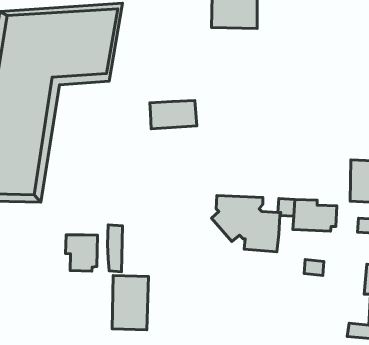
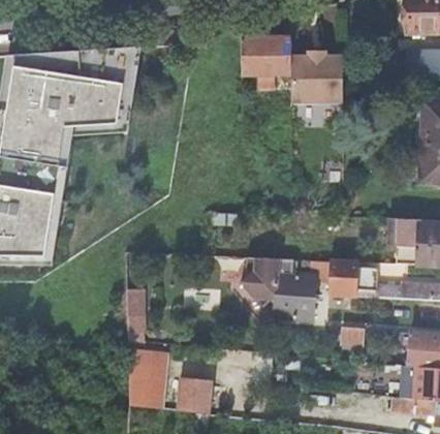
building: none -> [289,46,341,102]
building: [150,100,197,129] -> none
building: [66,235,98,271] -> none
building: none -> [177,378,211,413]

